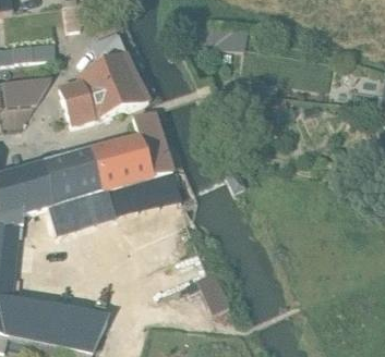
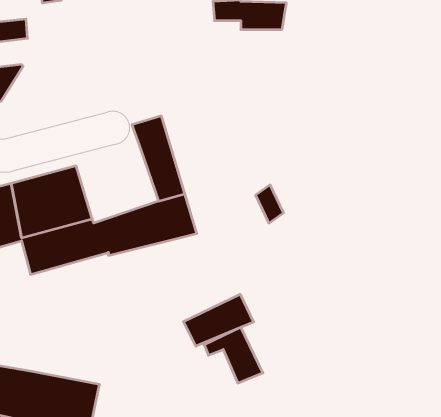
building: [59,30,148,123] -> none
building: [91,136,152,190] -> none
building: none -> [183,294,254,346]

